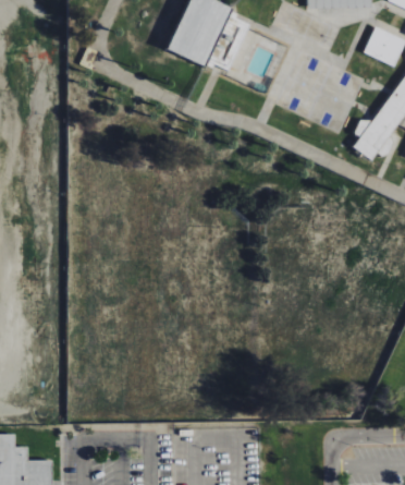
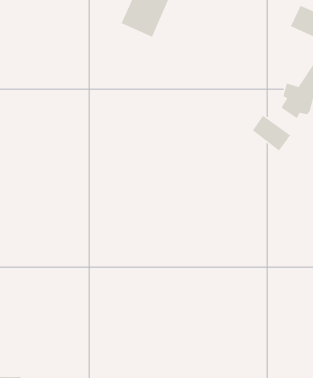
building: none -> [252,115,291,151]

